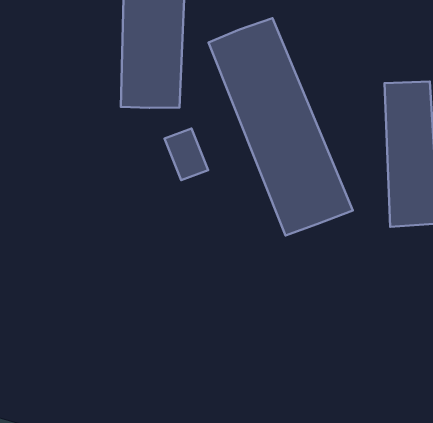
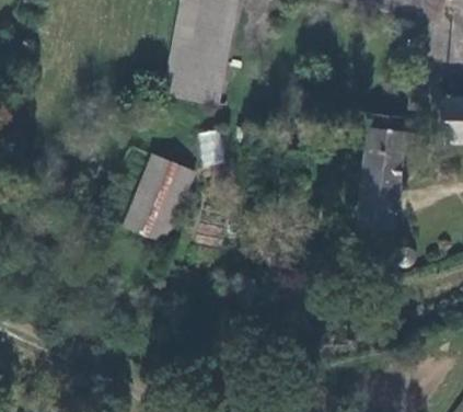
building: [208,18,353,235] -> none
building: none -> [121,152,196,242]

